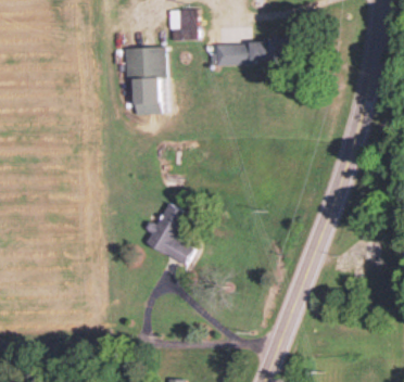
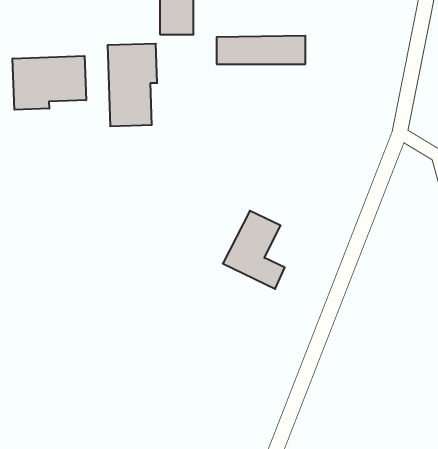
building: none -> [13,56,86,110]
building: [146,203,195,266] -> [223,211,285,289]

